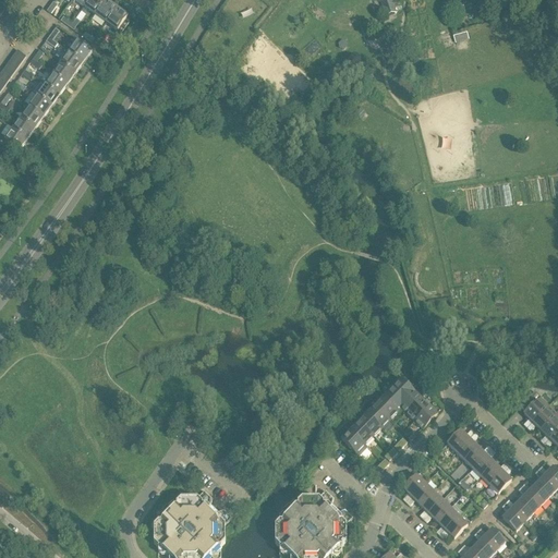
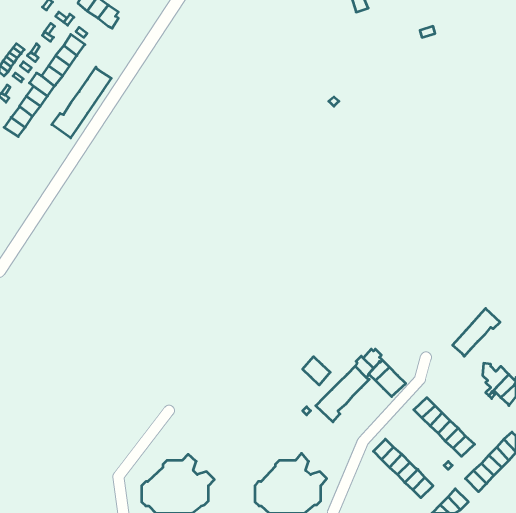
building: none -> [52,67,111,138]
building: none -> [453,308,500,356]
building: none -> [303,357,330,385]

